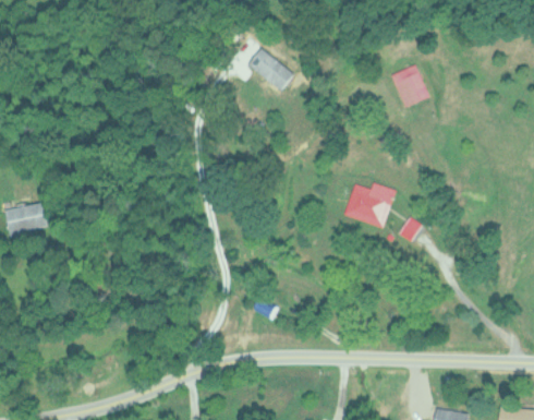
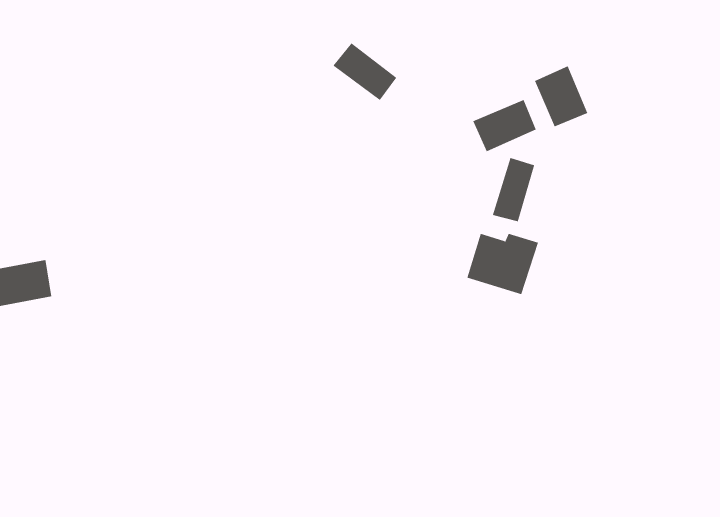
building: none -> [472,99,537,152]
building: none -> [492,157,535,222]

